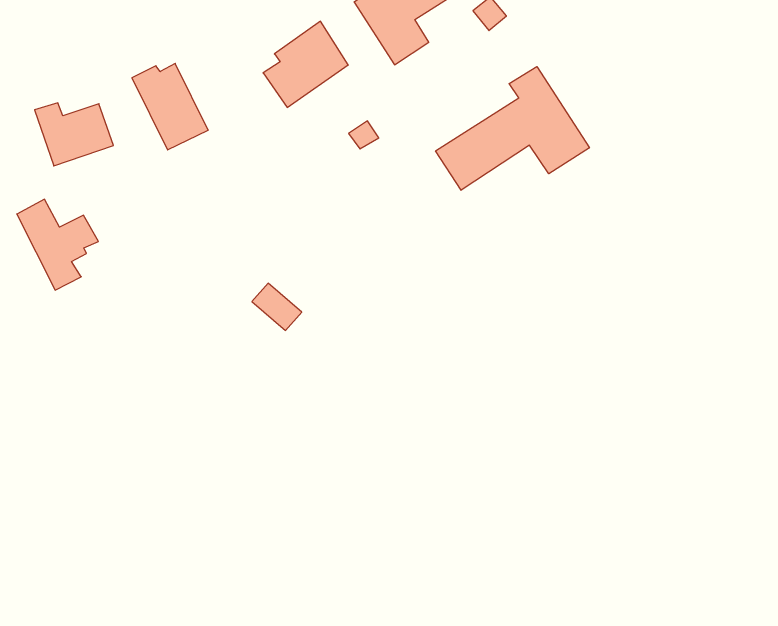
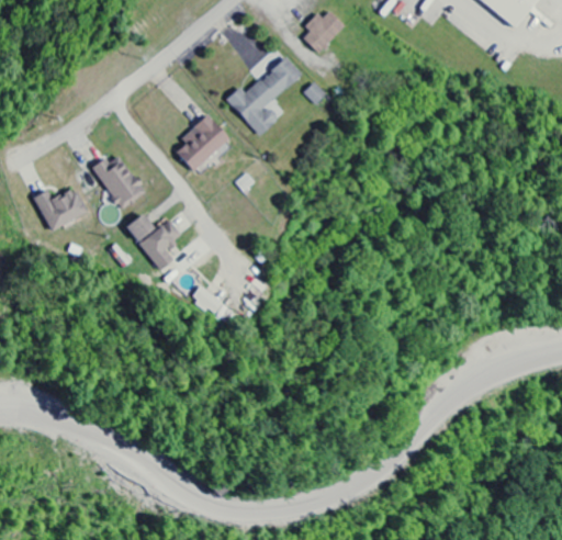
building: [436,67,589,190] -> none
building: [17,199,98,290] -> [126,213,181,270]

